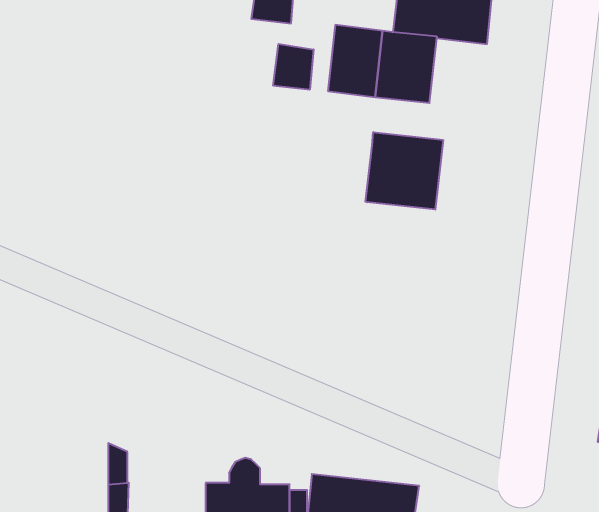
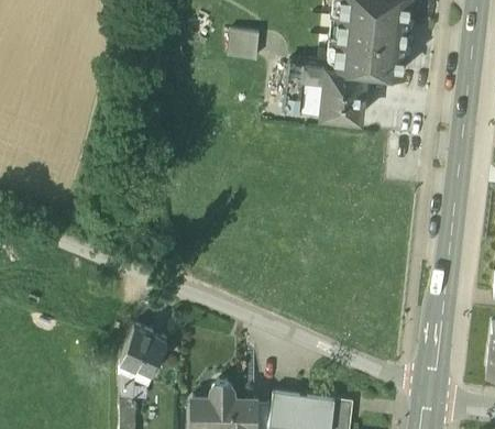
building: [273,44,314,90] -> none
building: [365,132,443,210] -> none
building: none -> [123,328,168,375]

